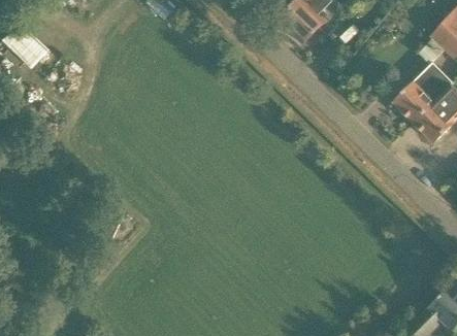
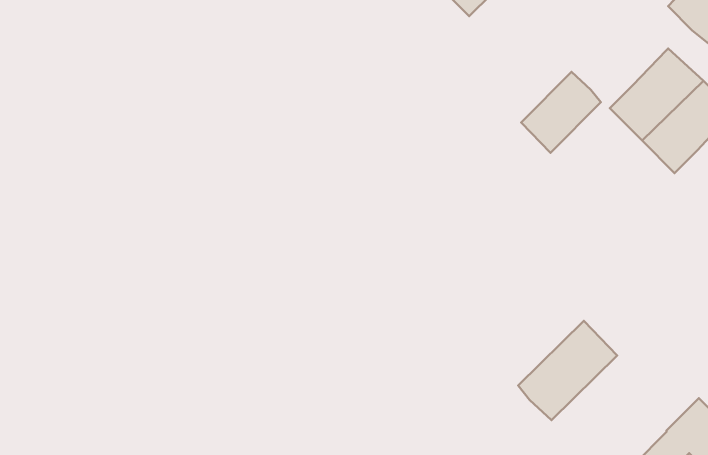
building: none -> [521,72,601,153]
building: none -> [518,321,617,420]

